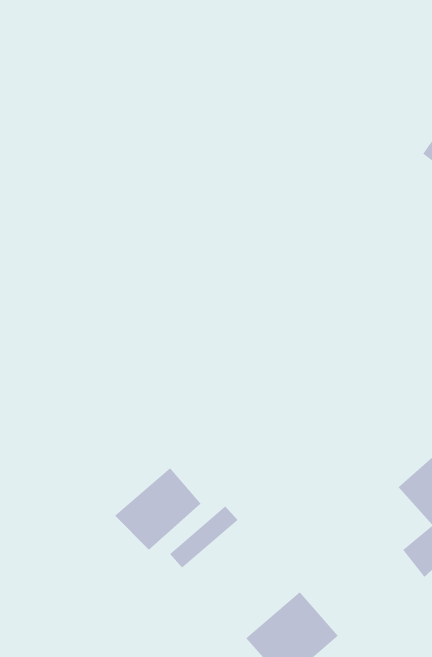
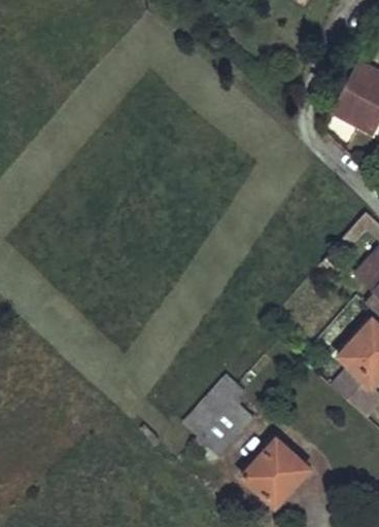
building: [114,467,202,551] -> [194,391,253,451]

